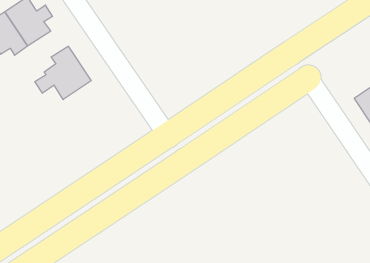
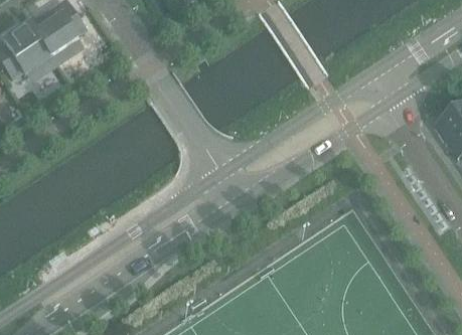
building: [35,46,91,100] -> none

